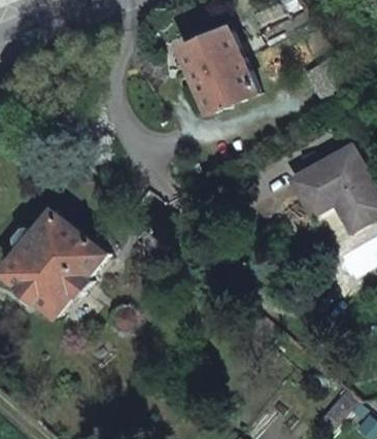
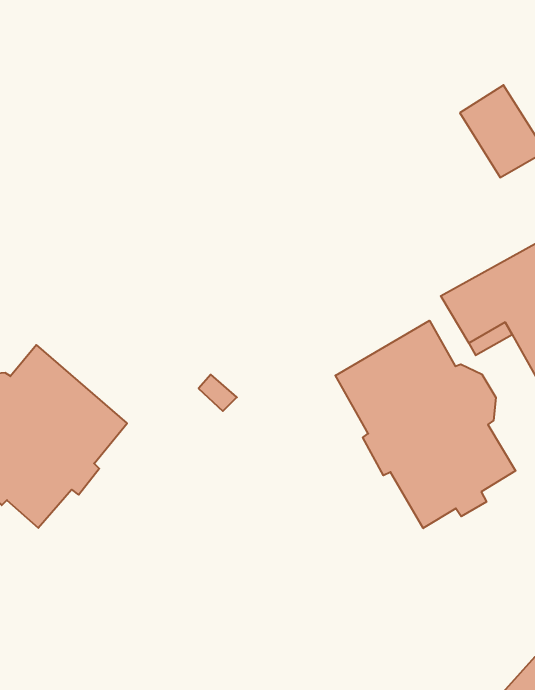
building: [180,28,256,114] -> none
building: none -> [335,321,516,528]

